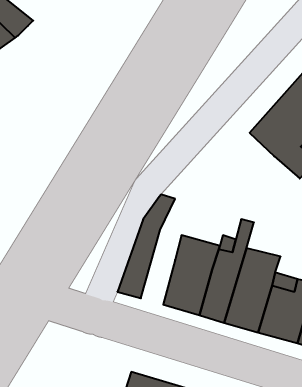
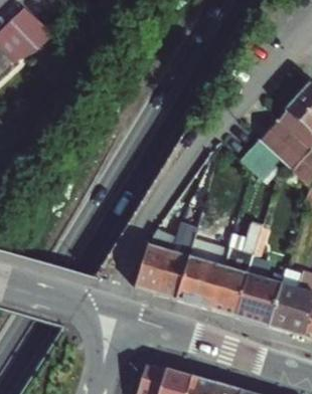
building: none -> [240,137,282,179]
building: none -> [156,228,194,299]

